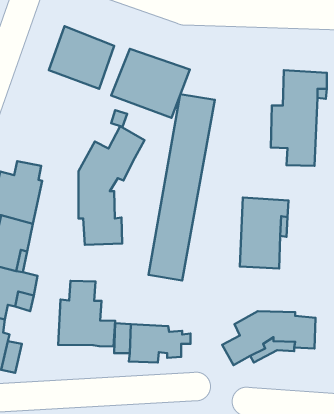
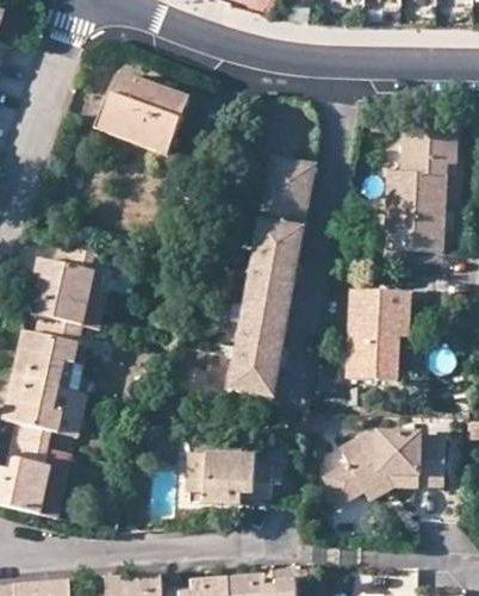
building: [111,49,190,118] -> none
building: [79,126,145,245] -> none
building: [58,281,115,346] -> none

